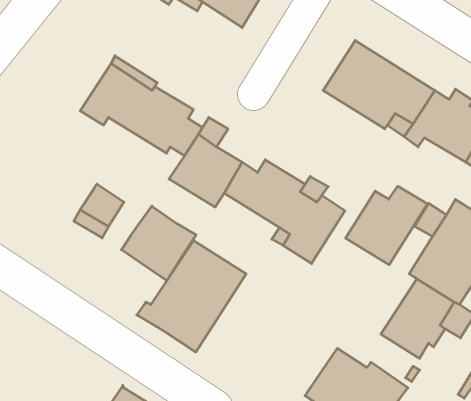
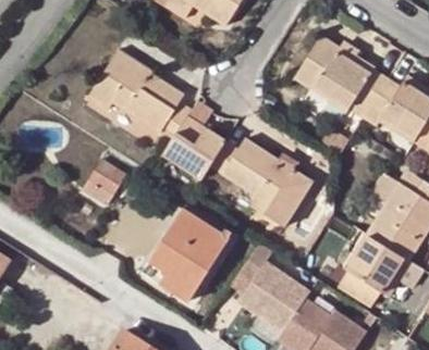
building: [346,186,427,265] -> none
building: [121,206,196,281] -> none
building: none -> [238,261,310,332]

